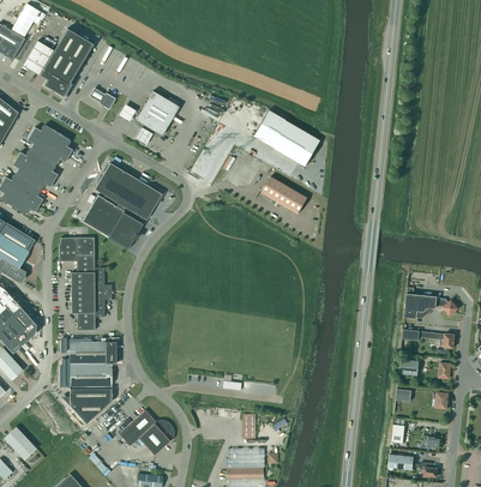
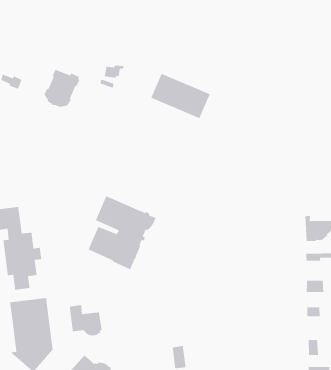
building: [83,163,163,249] -> [88,195,157,270]
building: [261,176,307,214] -> none
building: none -> [69,304,102,337]

